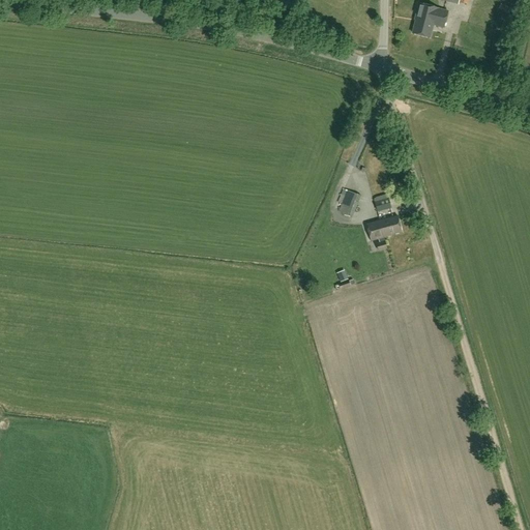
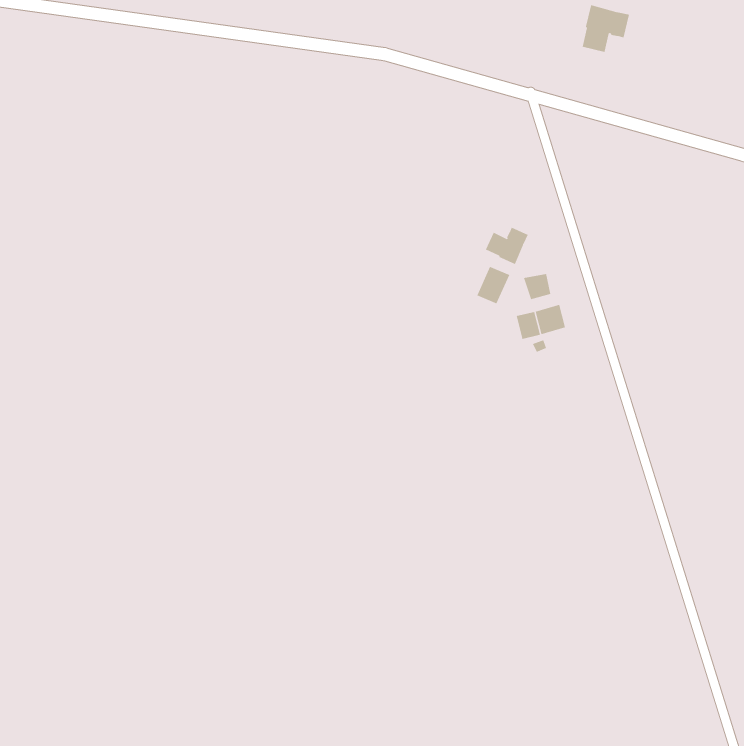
building: none -> [485,227,529,265]

